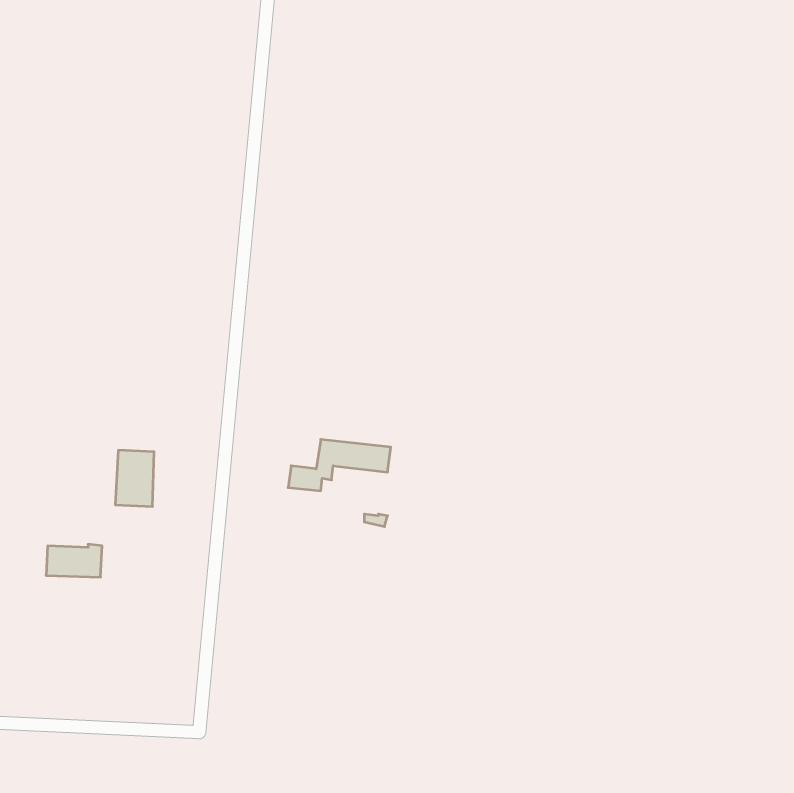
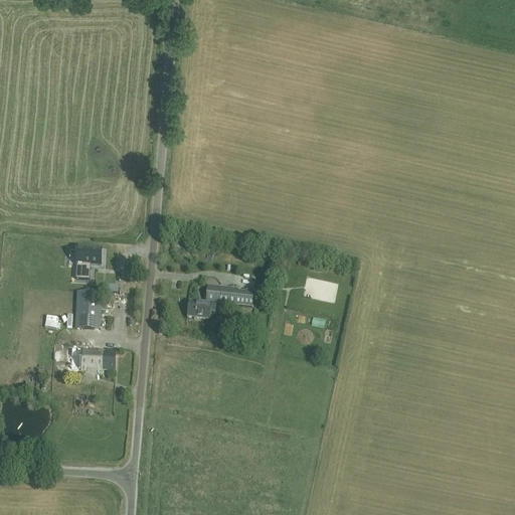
building: none -> [74,246,101,279]
building: [46,544,102,577] -> [78,347,115,368]

